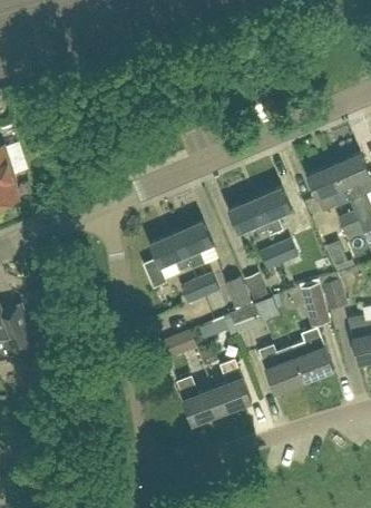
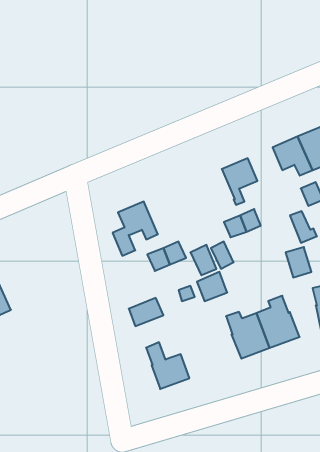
building: [227,198,269,234] -> none
building: [175,219,213,268] -> none
building: [299,285,329,328] -> none
building: [213,360,252,413] -> none

